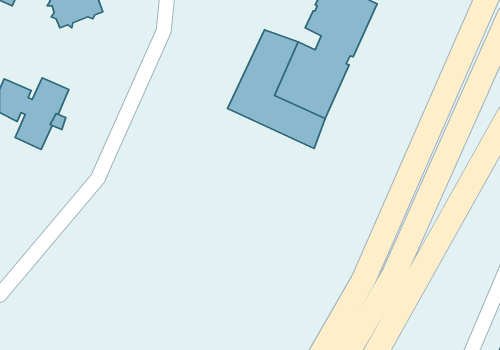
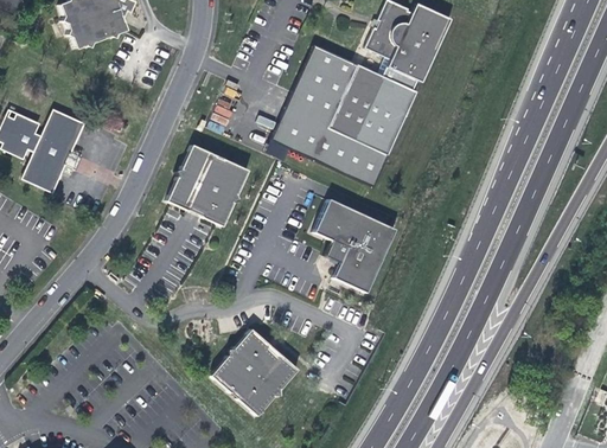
building: none -> [165,143,247,226]
building: none -> [309,200,391,295]
building: none -> [211,326,300,415]

